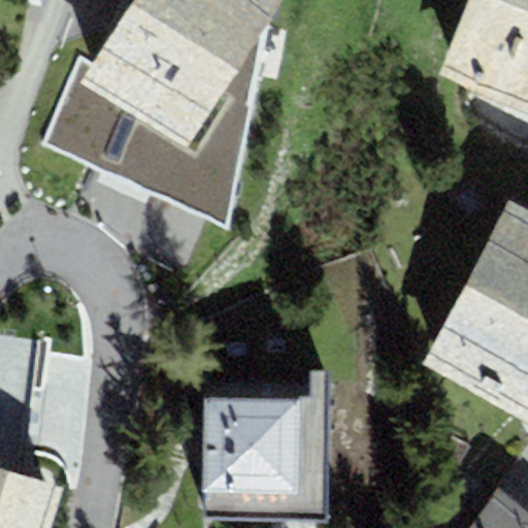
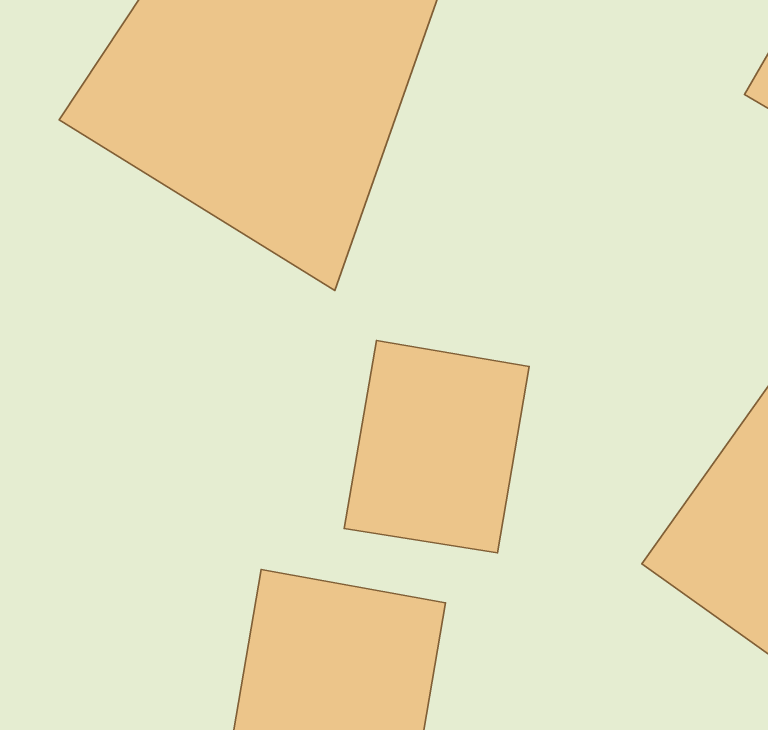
building: none -> [344,340,529,553]

